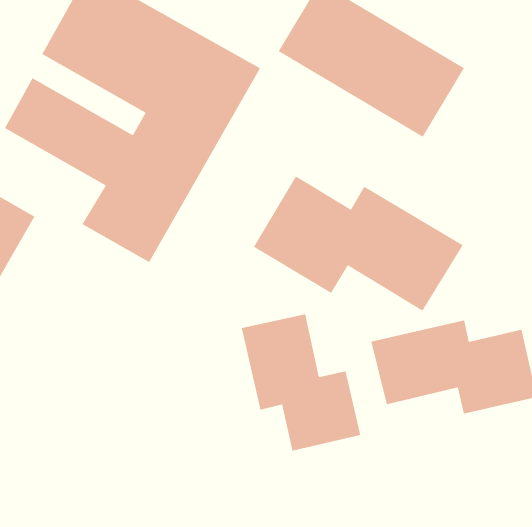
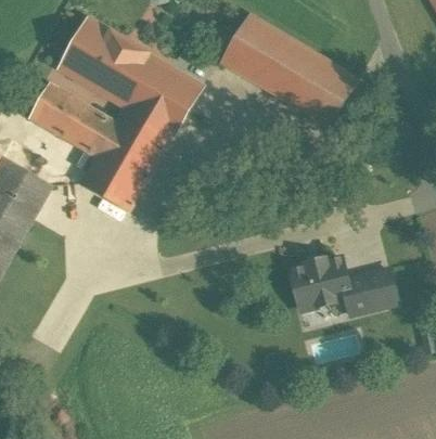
building: [253,175,463,311] -> none
building: [241,314,361,451] -> none

